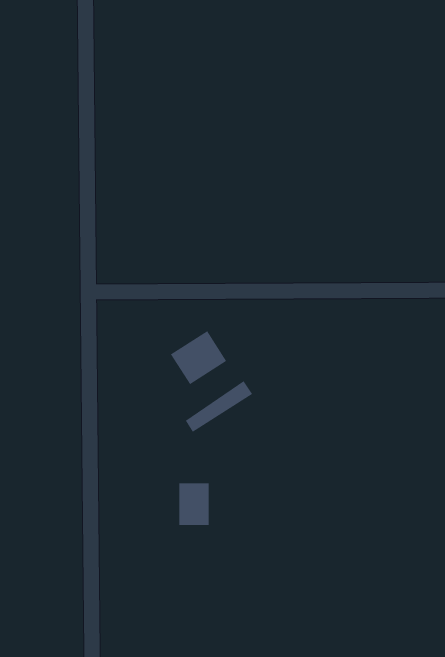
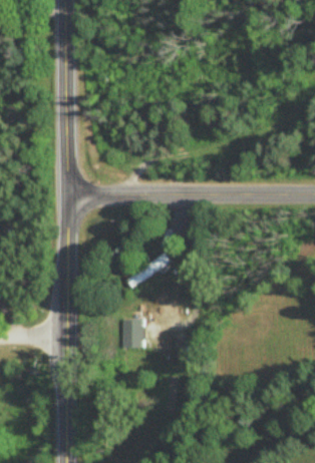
building: [170,330,227,385] -> none

